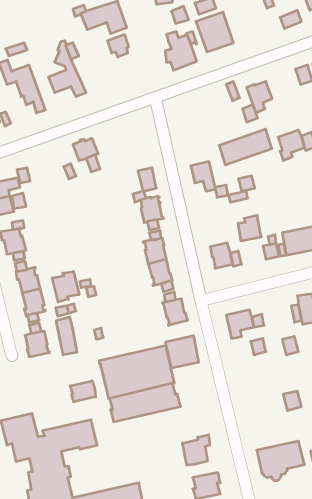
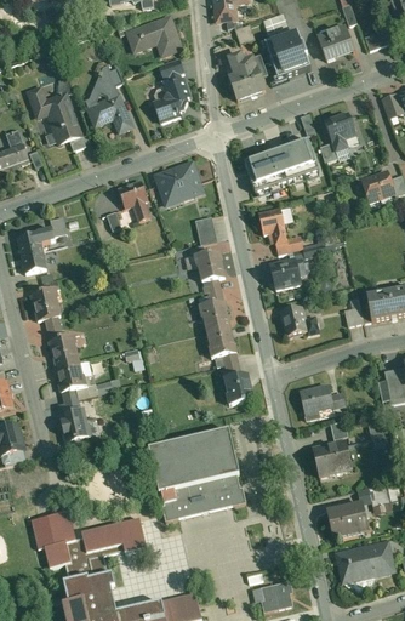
building: none -> [316,25,353,59]
building: none -> [153,79,188,121]
building: none -> [155,161,201,204]
building: [219,129,272,165] -> [249,142,312,184]
building: [238,215,261,241] -> [270,258,298,289]
building: [52,271,79,302] -> none
building: [56,317,77,355] -> none
building: [166,336,199,368] -> none
building: none -> [312,439,352,477]
building: [70,381,96,402] -> none
building: none -> [326,502,367,536]
building: [182,435,210,465] -> none

